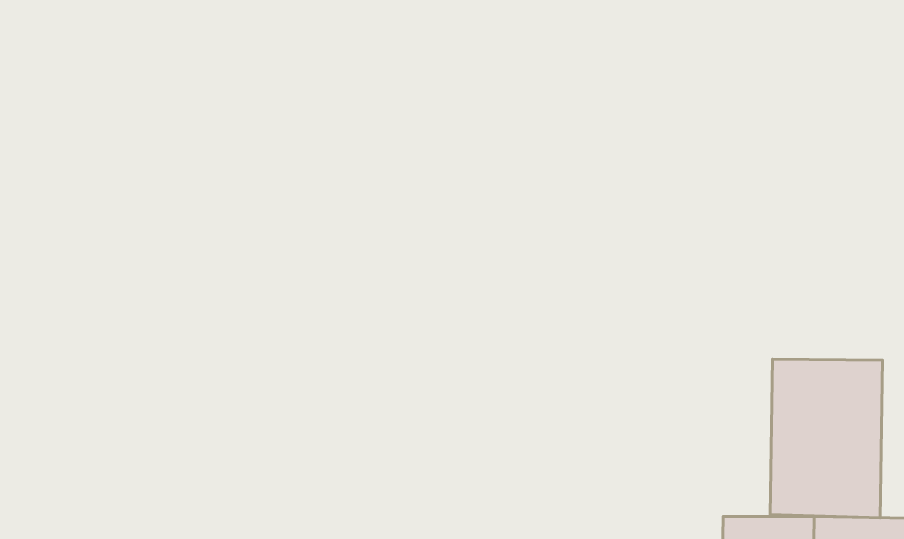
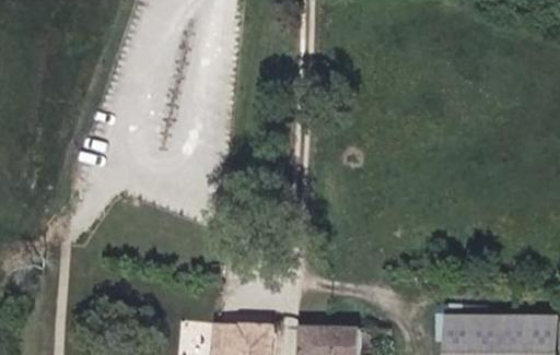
building: [770,359,882,518] -> none

